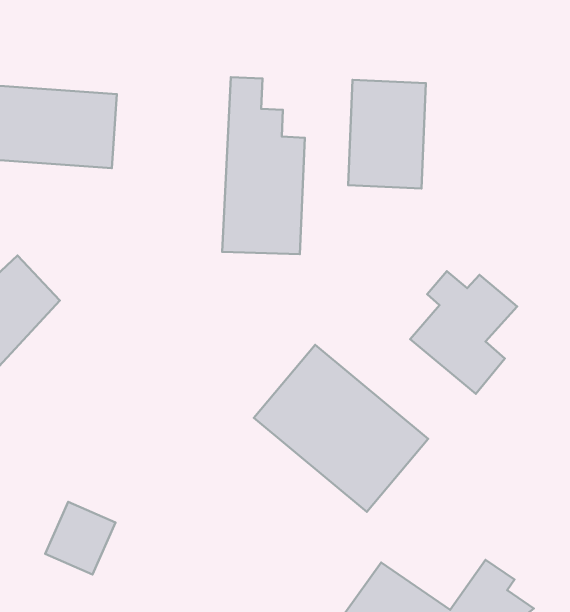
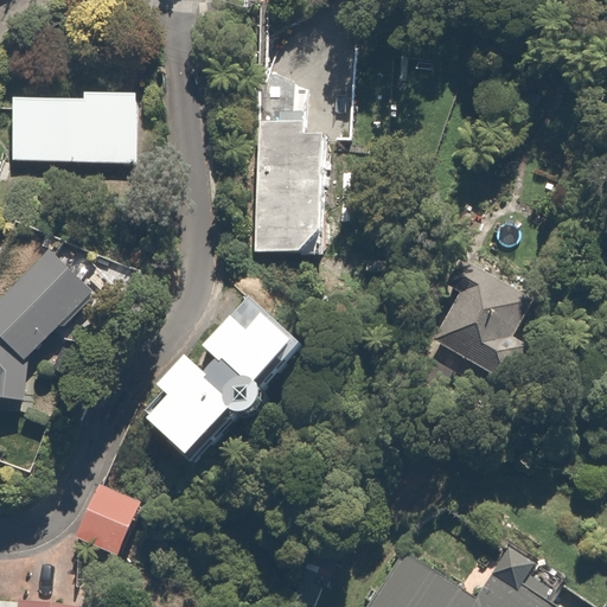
building: [348,80,426,188] -> none
building: none -> [147,320,306,472]
building: [254,345,428,512] -> none

